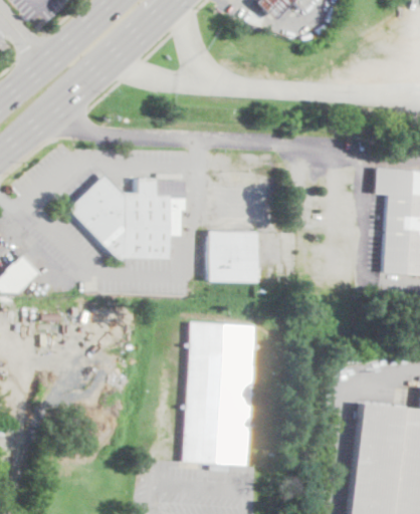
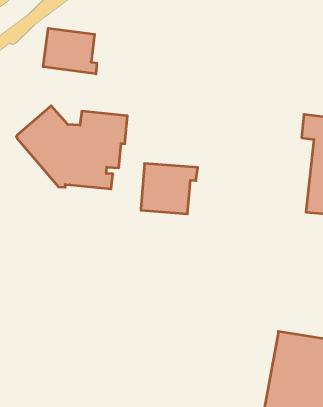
building: none -> [43,28,97,74]
building: [182,322,254,472] -> none

